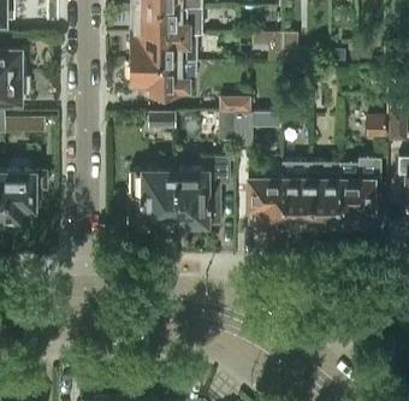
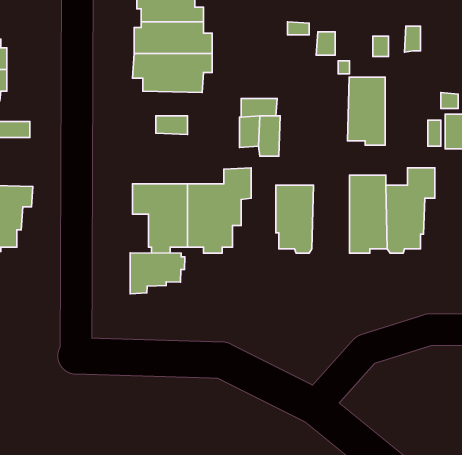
building: [279,171,310,228] -> [348,77,385,145]
building: none -> [130,253,185,294]

